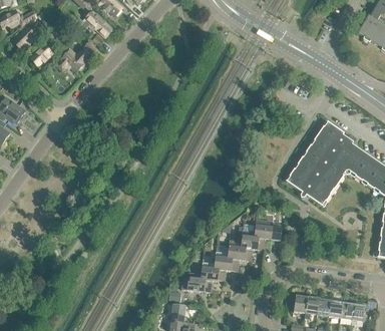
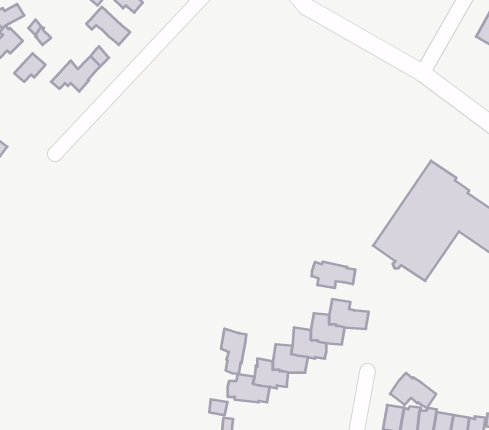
building: none -> [312,262,355,288]
building: none -> [221,329,246,374]
building: none -> [390,373,436,408]

